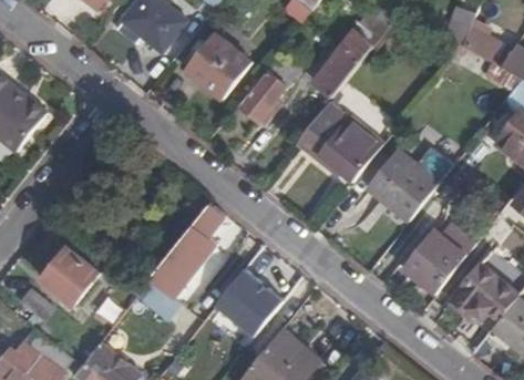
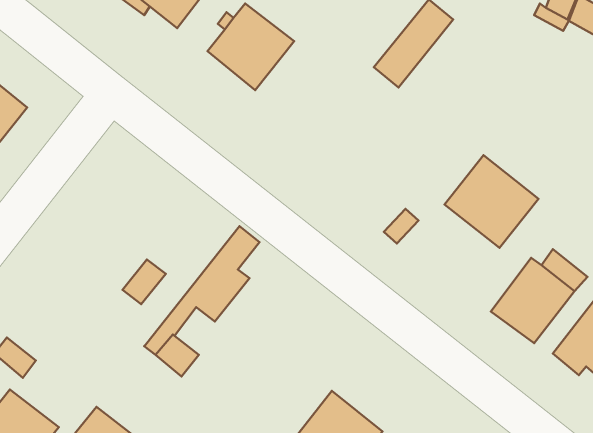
building: [242,72,287,124] -> none
building: [296,102,382,182] -> none
building: [42,247,100,306] -> none
building: [212,263,274,329] -> none

